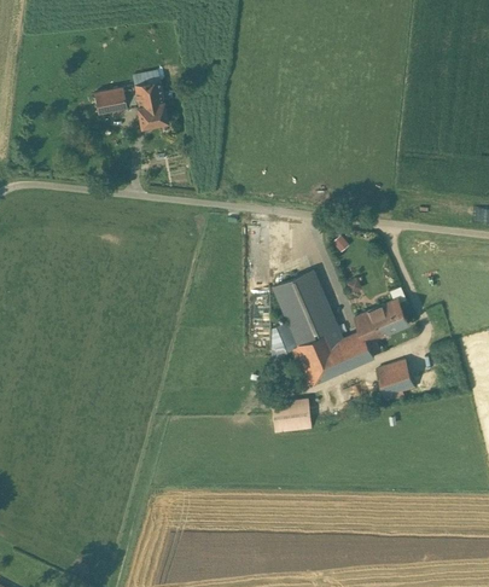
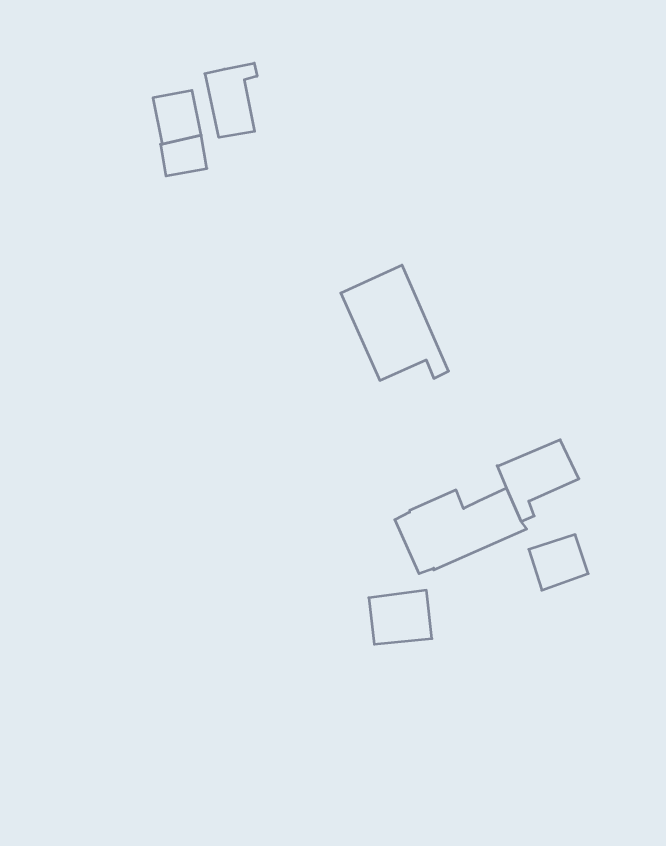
building: none -> [205,63,257,137]
building: [93,88,126,115] -> none
building: [273,271,343,345] -> [341,265,449,380]

